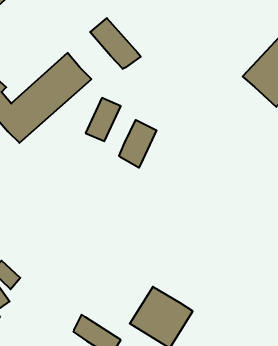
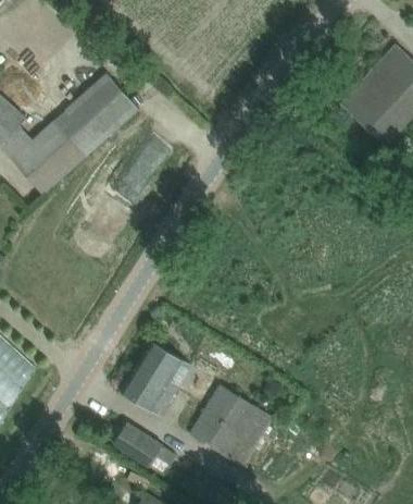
building: [90,18,141,69] -> none
building: [119,120,156,168] -> none
building: none -> [120,341,184,415]

